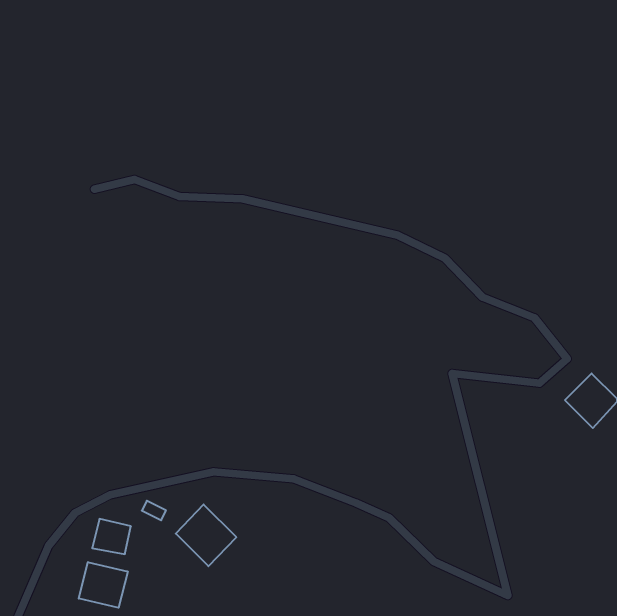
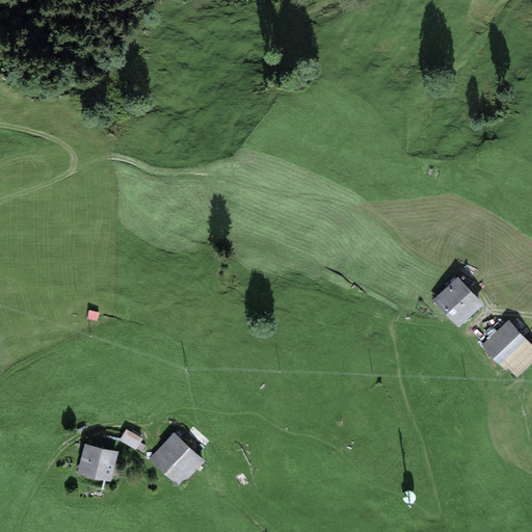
building: none -> [434,281,476,322]
building: [79,562,128,608] -> none

